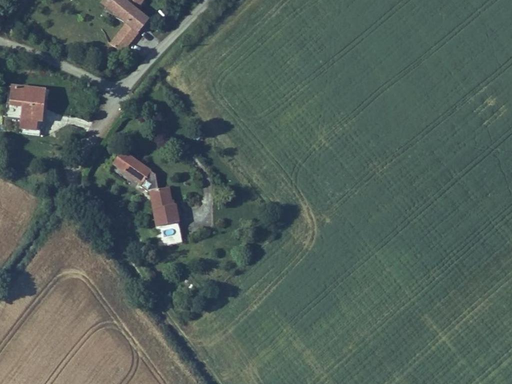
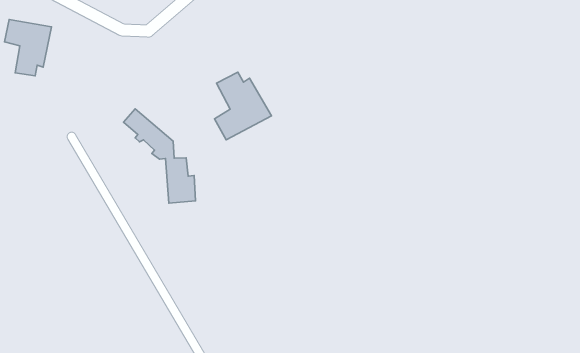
building: none -> [214,72,271,140]

